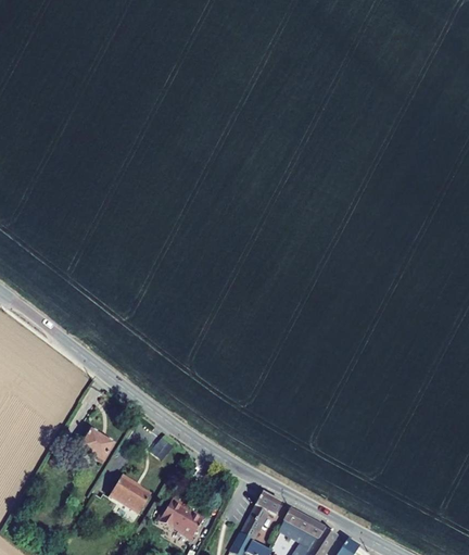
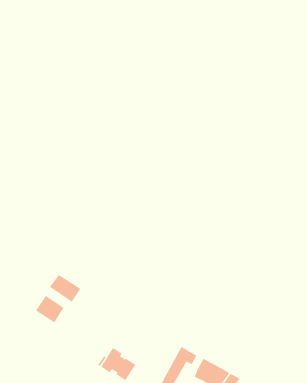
building: none -> [49,274,81,302]
building: [110,474,151,515] -> none

